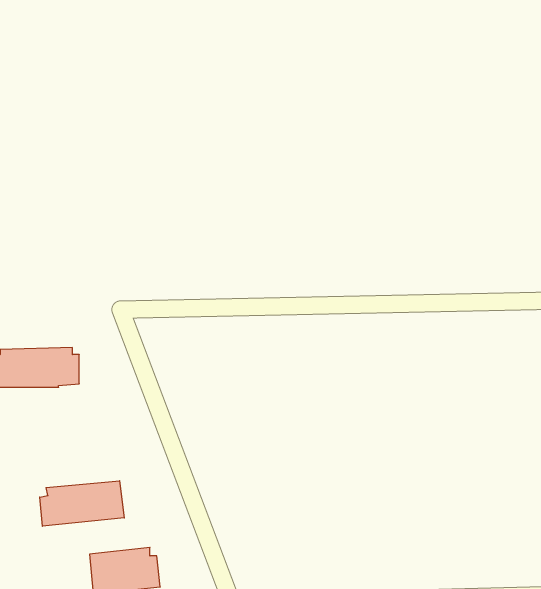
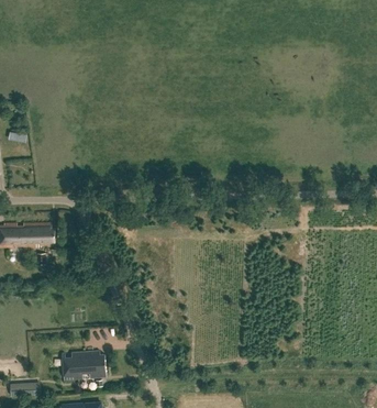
building: [40,481,124,526] -> none

